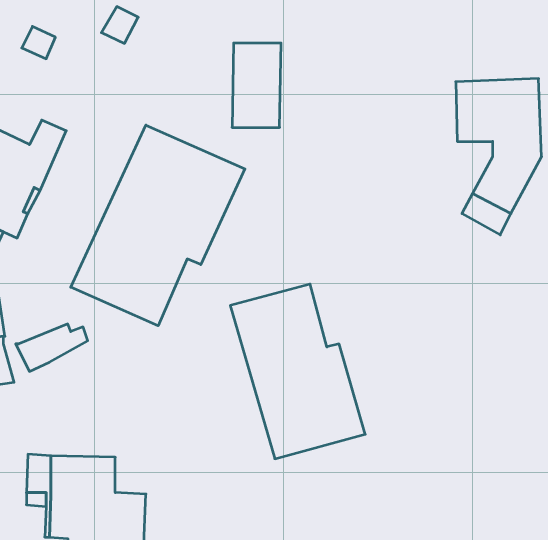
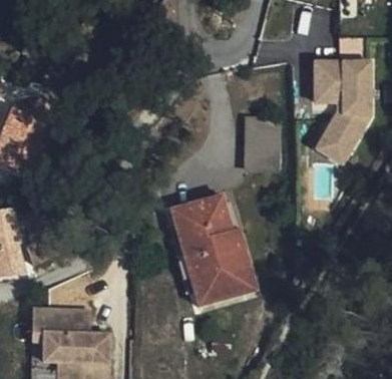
building: [232,43,281,127] -> [246,110,278,165]
building: [71,125,245,326] -> none

